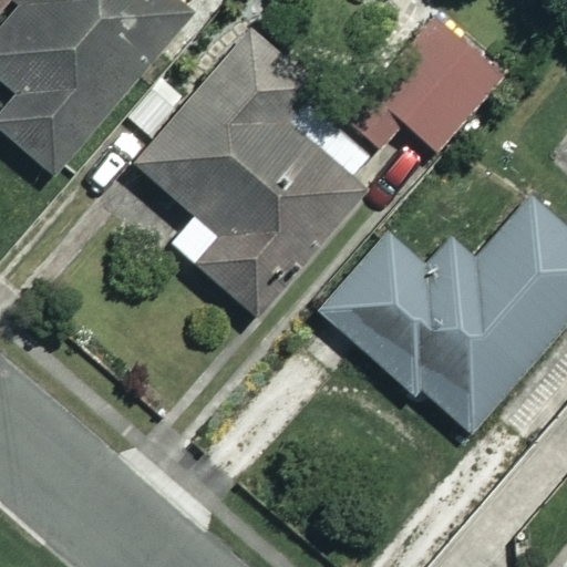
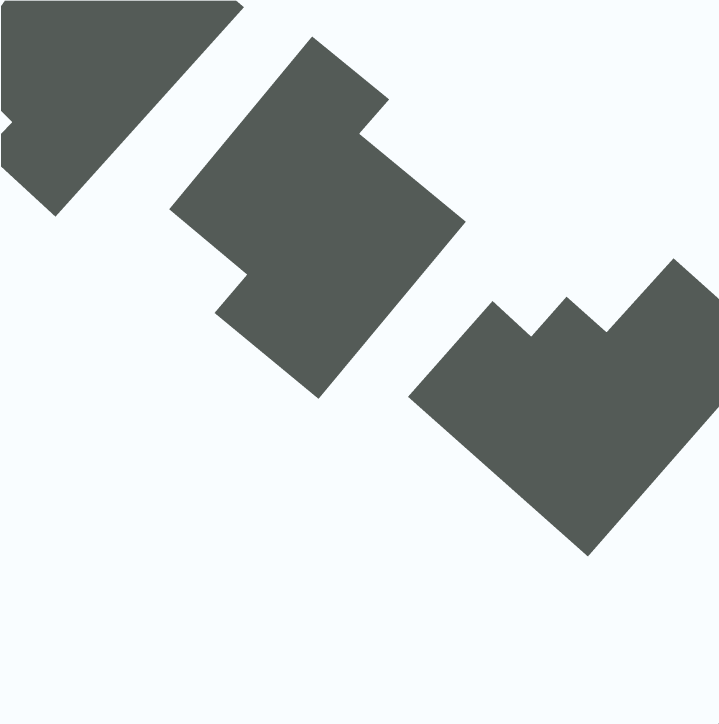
building: [353,20,504,150] -> none

